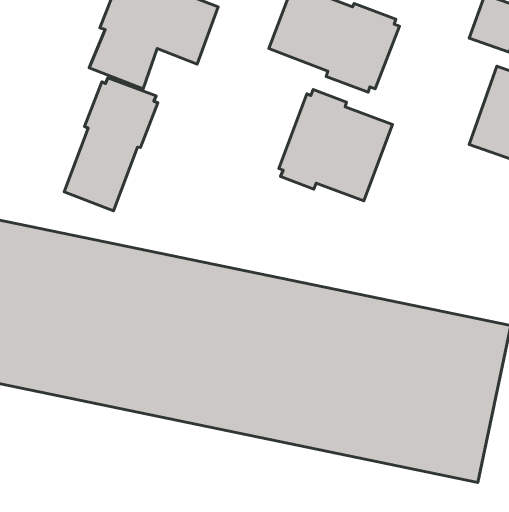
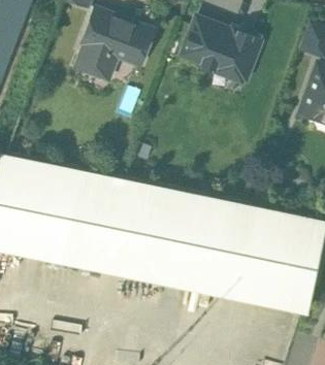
building: [64,78,158,211] -> none
building: [279,90,393,201] -> none

